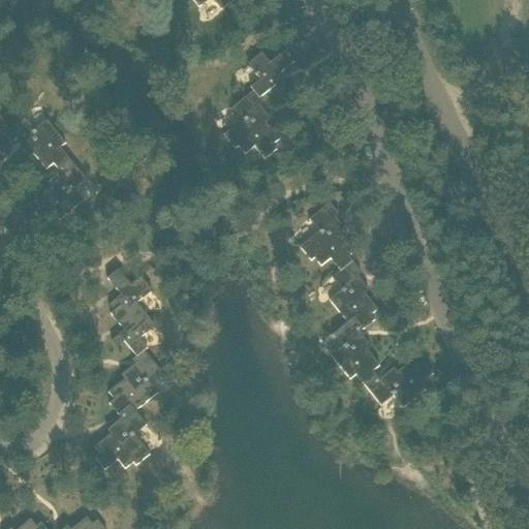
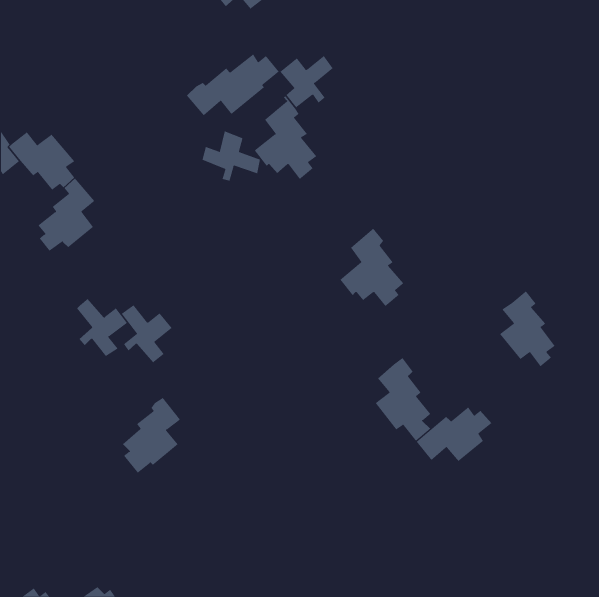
building: none -> [186,53,280,116]
building: none -> [202,131,261,181]
building: [329,259,378,326] -> [499,291,555,367]
building: [111,303,156,354] -> [76,298,128,357]
building: [95,407,151,468] -> none

